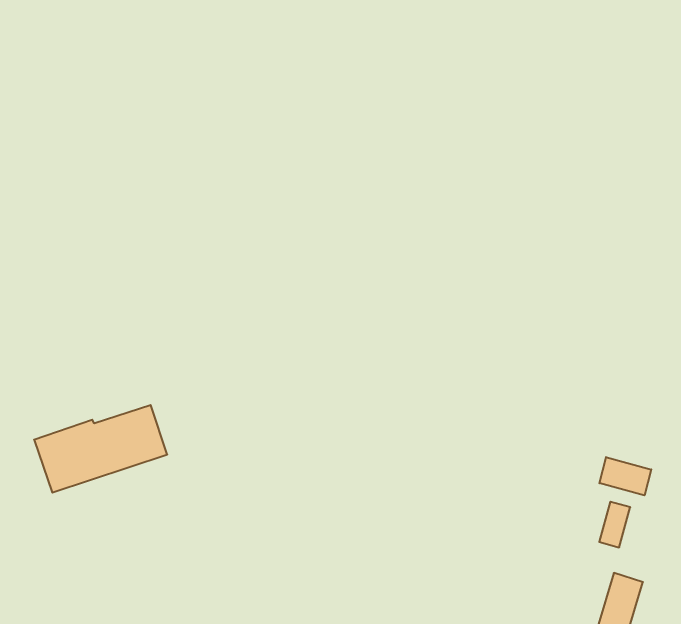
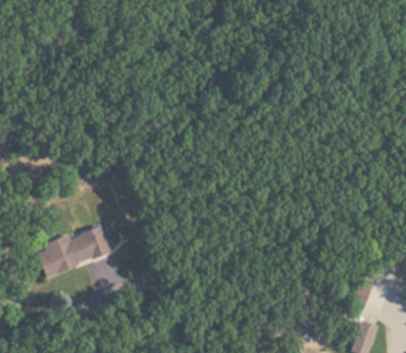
building: [599,457,651,495] -> none

